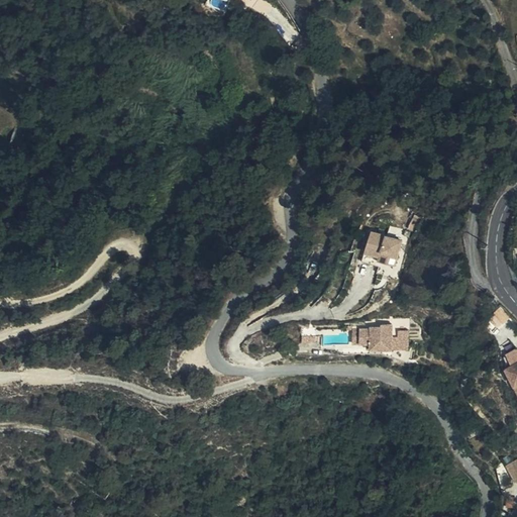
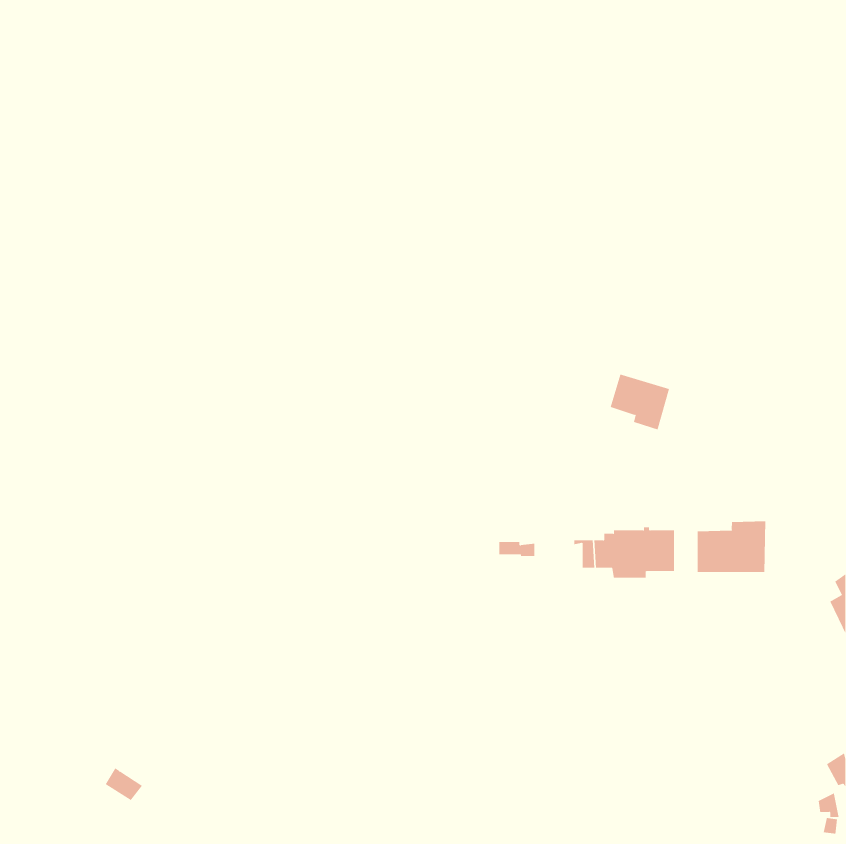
building: none -> [697,521,766,573]

